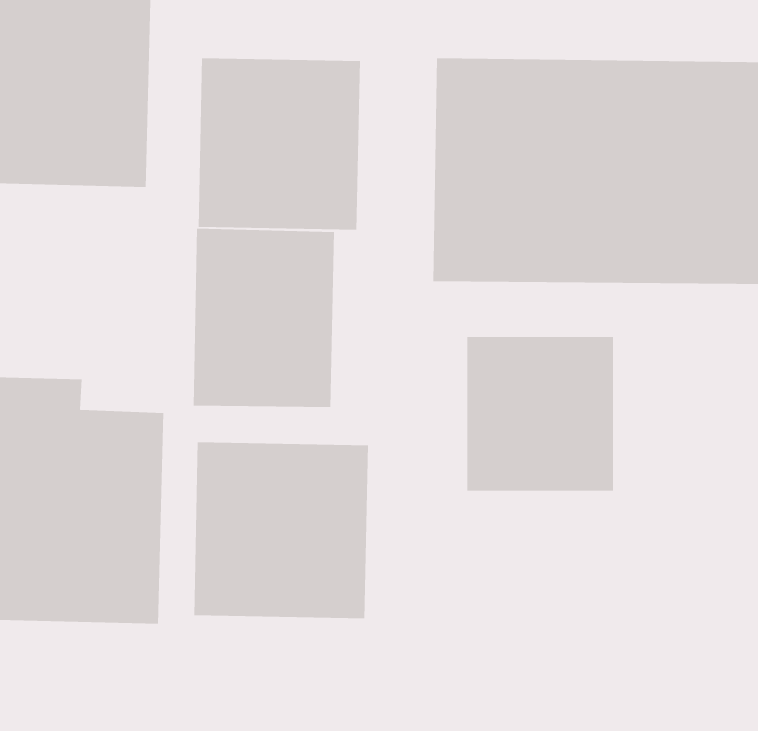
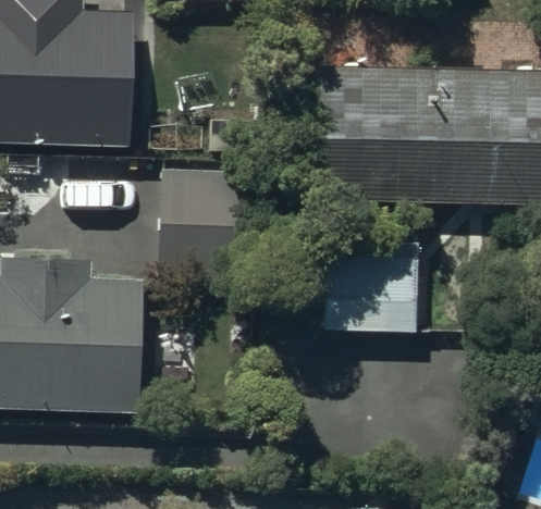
building: [198,57,360,231] -> none
building: [194,441,368,619] -> none

